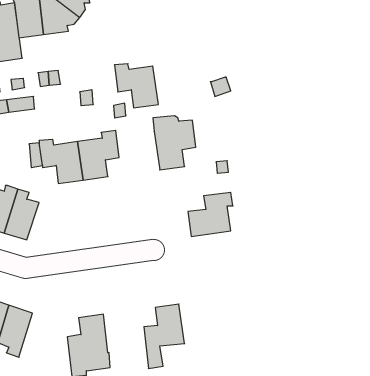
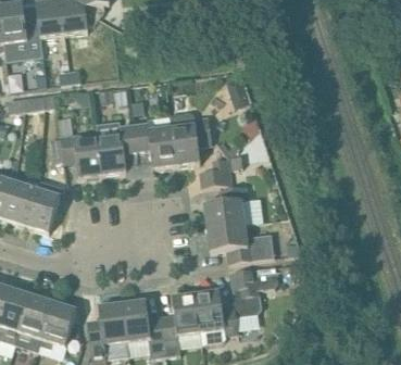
building: [114,64,158,108] -> [134,125,176,167]
building: none -> [199,156,231,187]
building: none -> [206,223,273,263]
building: none -> [195,268,259,344]
building: none -> [122,300,165,357]
building: none -> [40,302,76,348]

